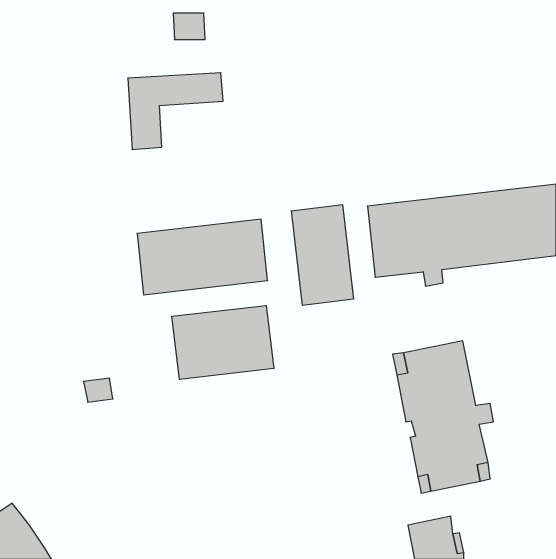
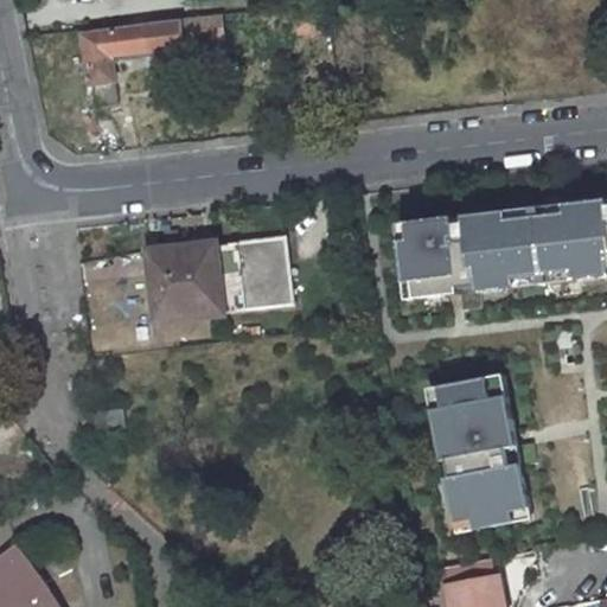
building: [128,73,223,149] -> [81,21,184,104]
building: [291,205,353,305] -> none
building: [172,305,274,379] -> none

